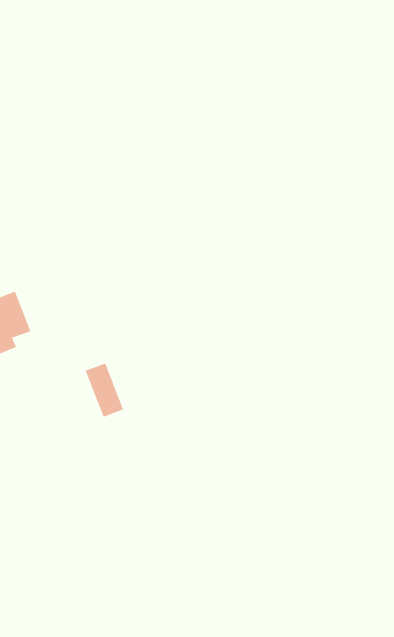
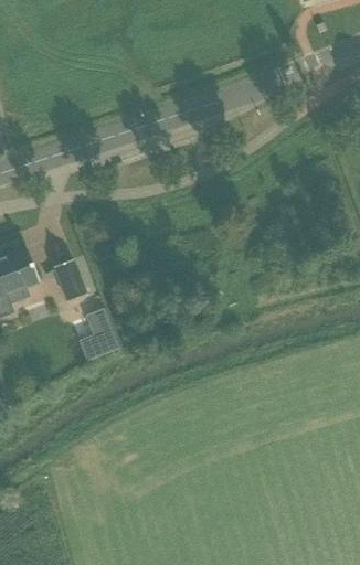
building: none -> [53,258,86,301]

